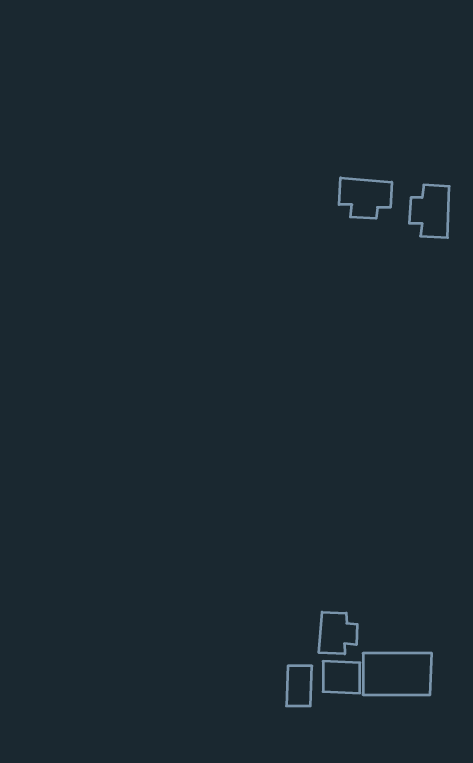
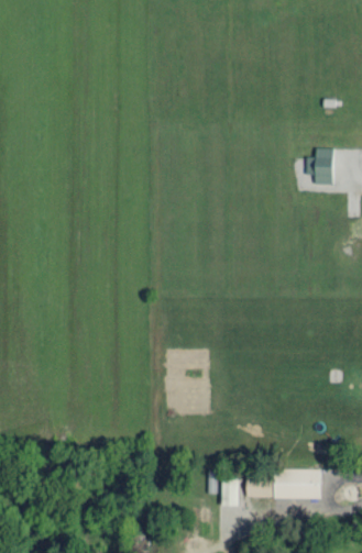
building: [339,178,392,218] -> none
building: [319,612,357,654] -> none

